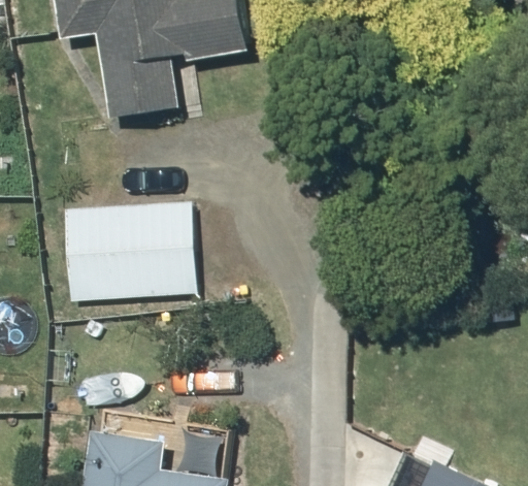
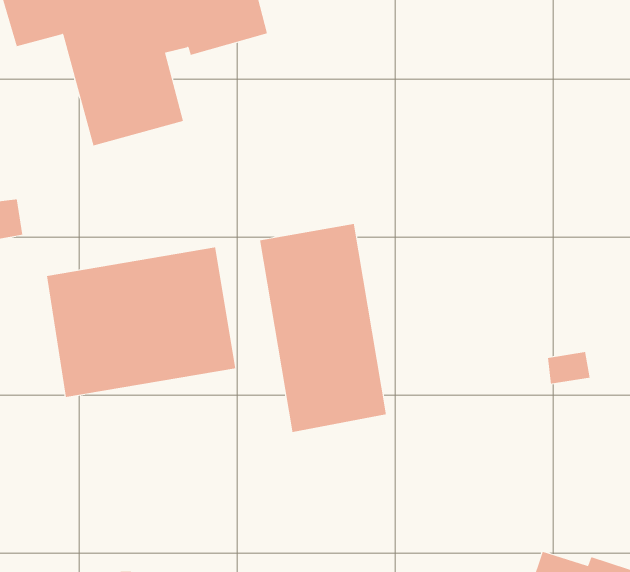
building: none -> [260,223,387,433]

